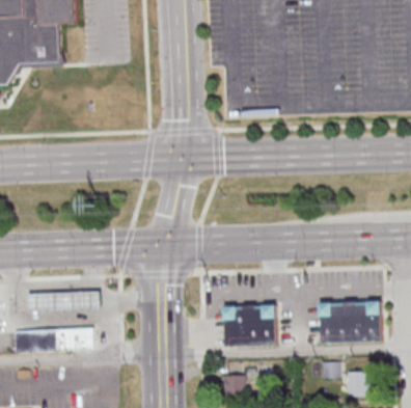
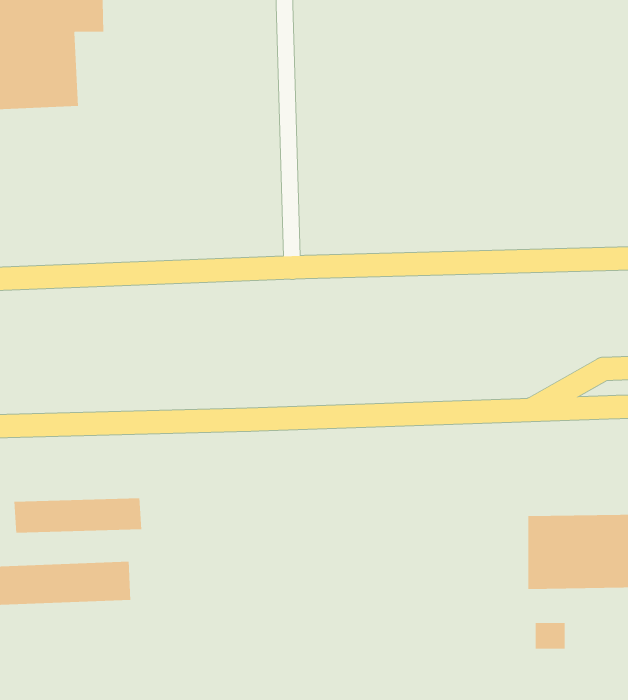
building: [225,303,279,346] -> none
building: [346,370,368,396] -> none
building: [223,375,244,401] -> none

